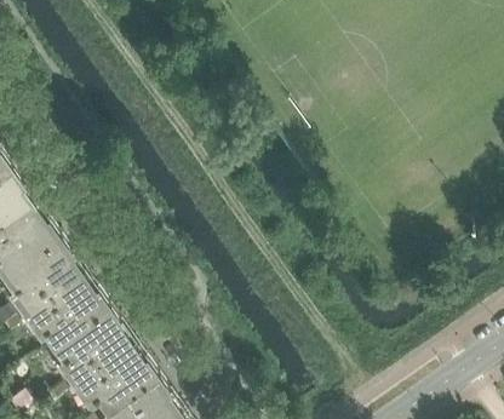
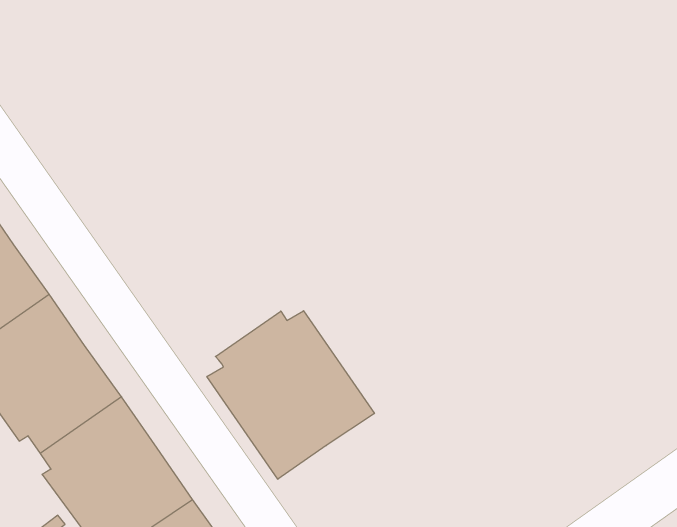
building: none -> [207,311,374,479]

